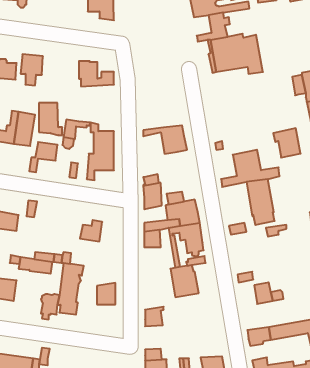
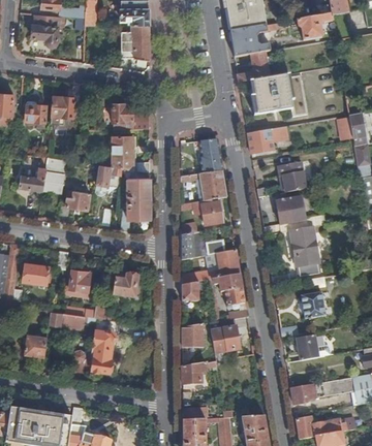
building: none -> [247,126,287,153]
building: none -> [199,138,222,172]
building: [39,103,62,135] -> [113,135,137,169]
building: [273,128,301,158] -> [277,161,306,192]
building: none -> [181,198,222,225]
building: none -> [69,268,91,292]
building: none -> [299,292,326,318]
building: [97,283,115,304] -> [183,323,203,346]

